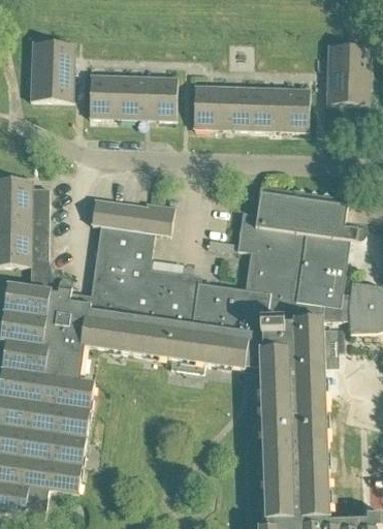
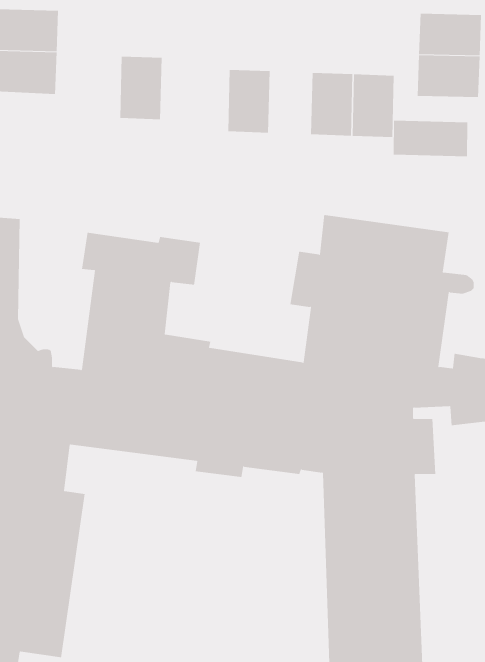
building: [89,74,119,119] -> none
building: [147,76,178,121] -> none
building: [222,86,252,130] -> none
building: none -> [393,120,468,157]

